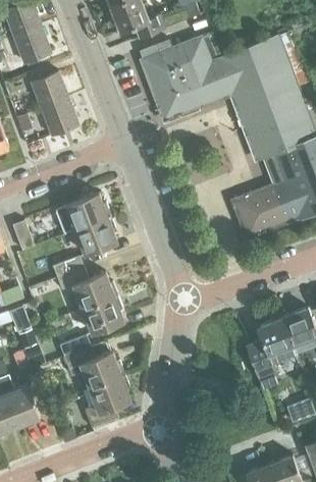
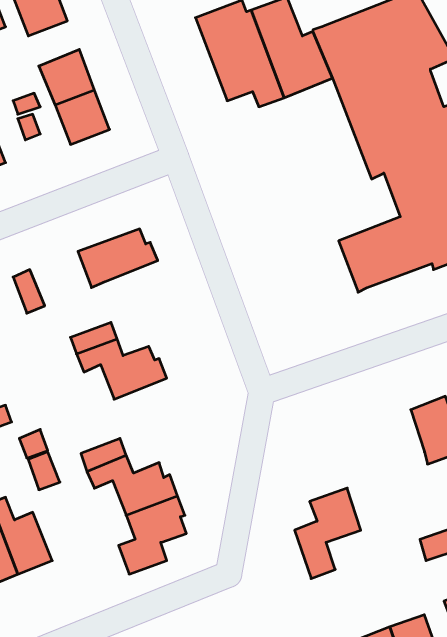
building: [75,216,117,255] -> none
building: [82,296,123,334] -> none
building: [247,317,292,378] -> [295,488,361,579]

